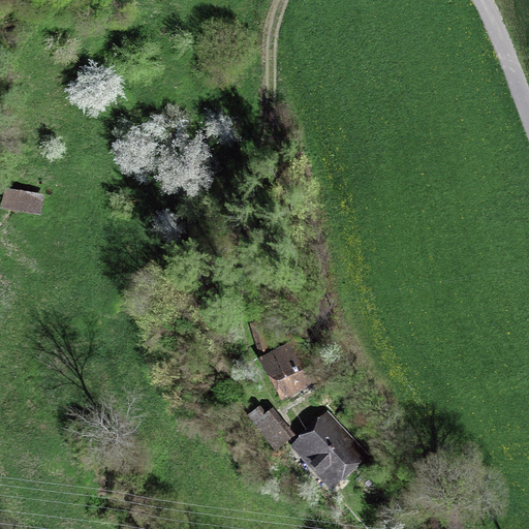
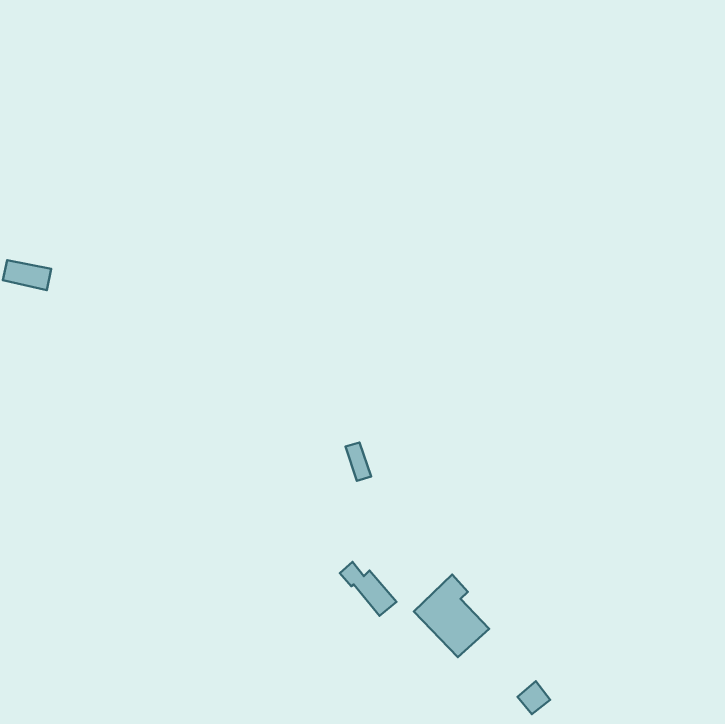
building: [263,344,310,393] -> none

